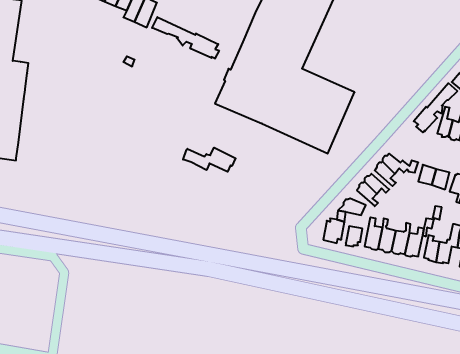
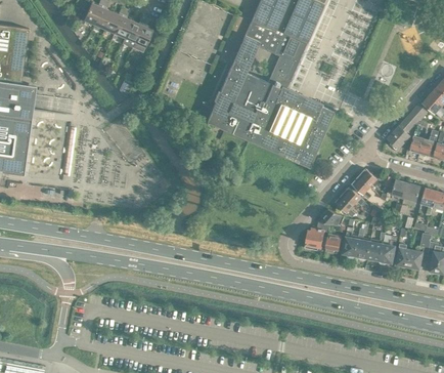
building: [152,17,219,59] -> none
building: [183,148,236,172] -> none

